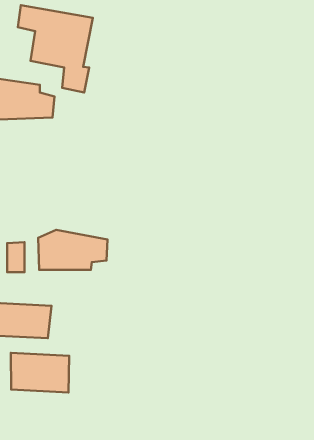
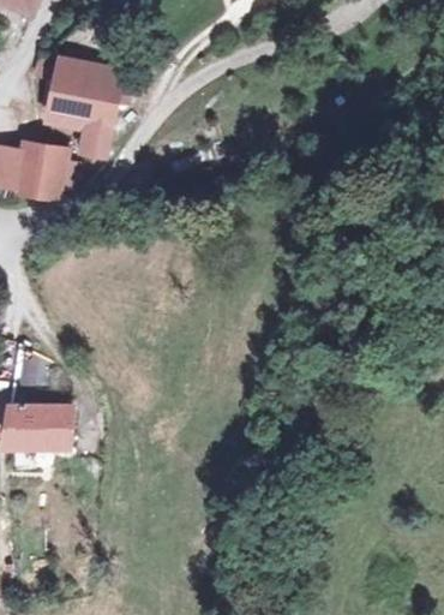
building: [38,230,107,270] -> none
building: [11,353,69,392] -> none

